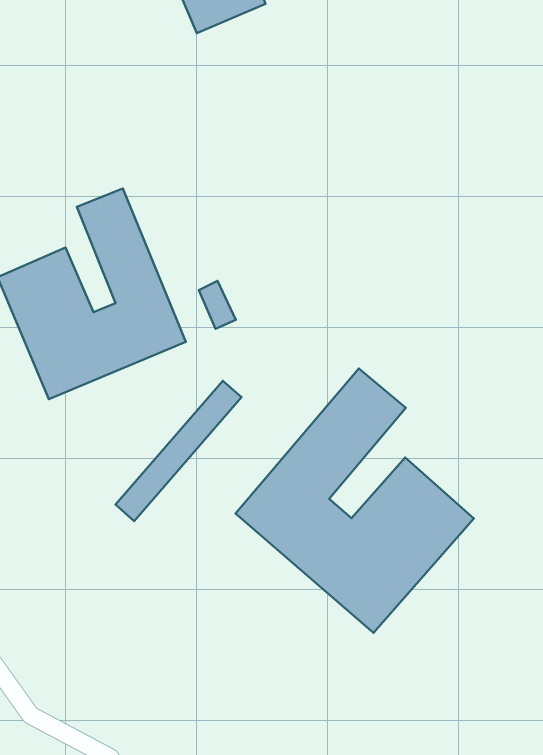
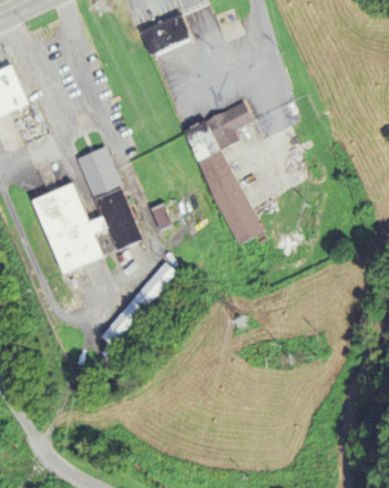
building: none -> [184,101,263,243]
building: [235,369,474,633] -> none

